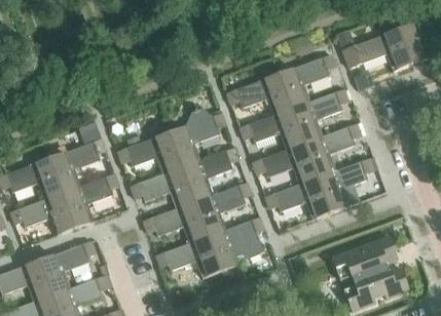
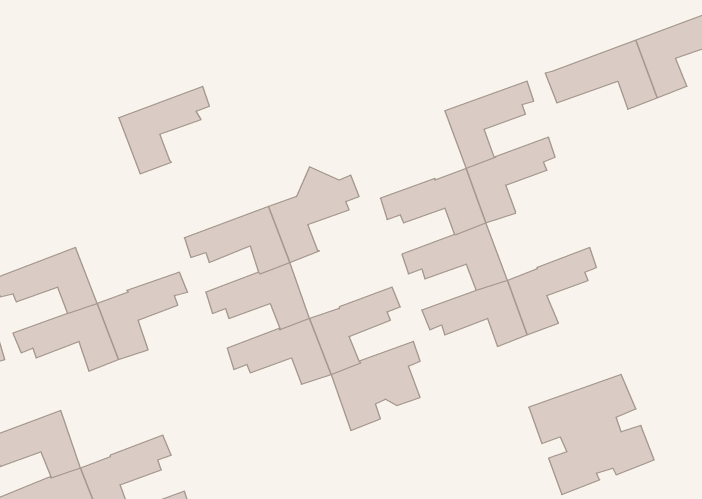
building: [225,73,292,116] -> none
building: [304,123,361,179] -> none
building: [48,139,105,193] -> [119,86,209,174]
building: [182,148,237,202] -> none
building: [155,237,220,279] -> none
building: [39,241,95,295] -> none

